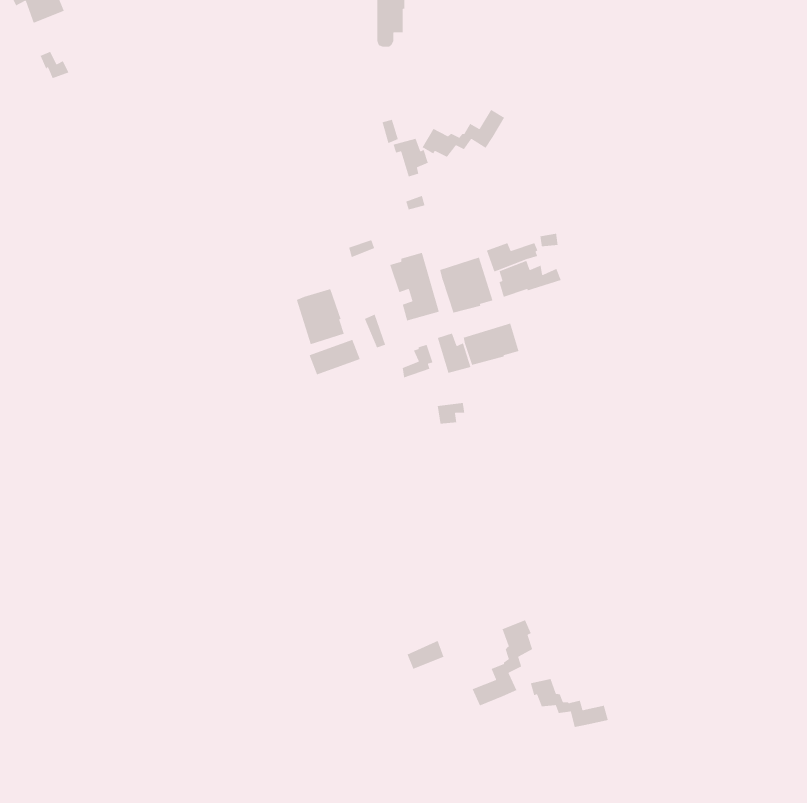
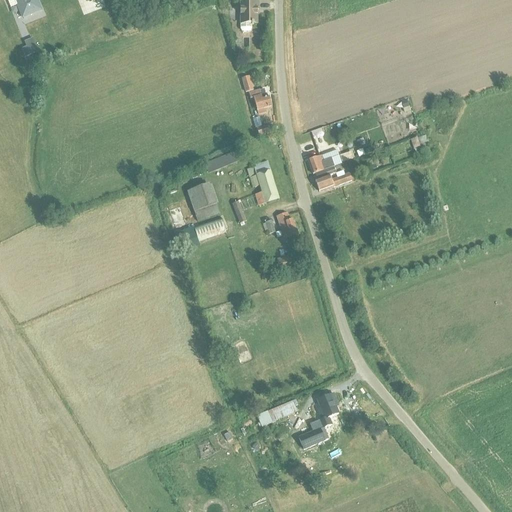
building: [422,109,505,158] -> none
building: [439,256,493,314] -> none
building: [463,322,519,366] -> none
building: [530,678,609,728] -> none

